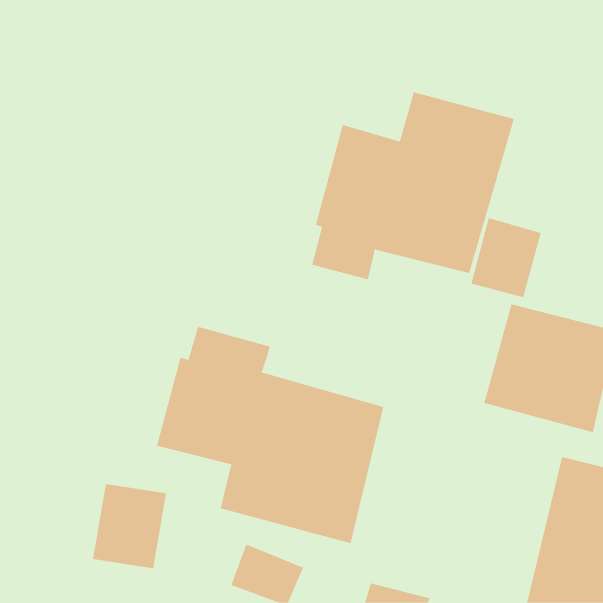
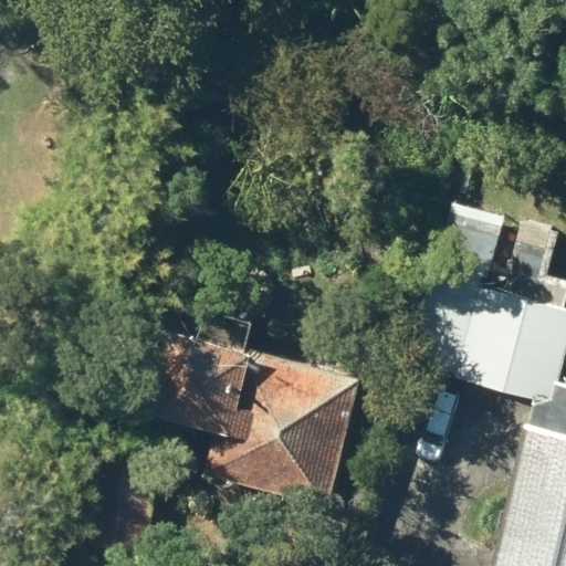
building: [312,91,515,280] -> none

